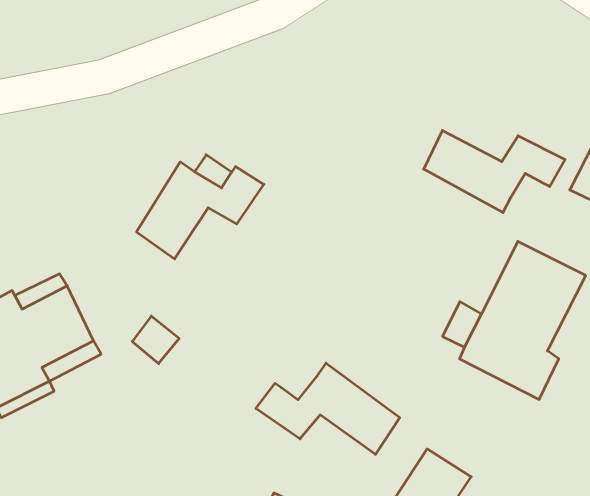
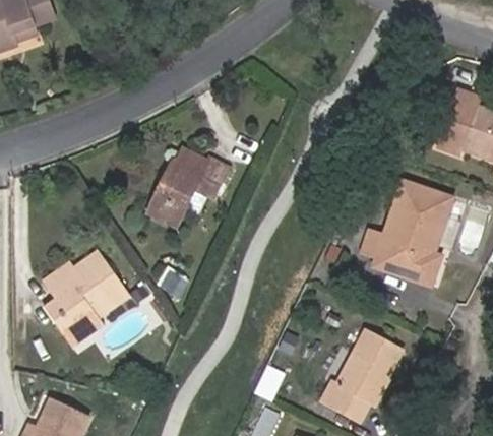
building: [424,130,565,213] -> none
building: [256,363,400,454] -> none

